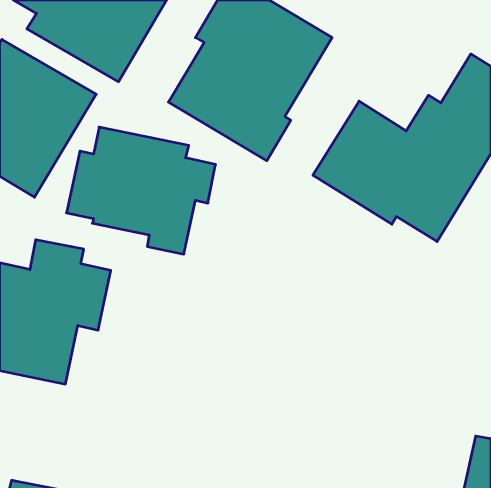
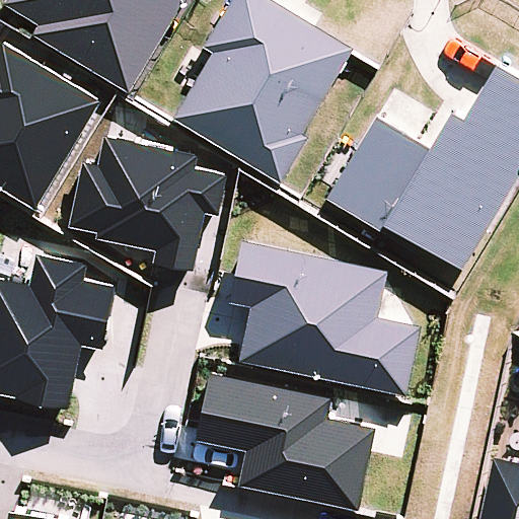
building: none -> [230,243,422,396]
building: none -> [197,375,375,510]

